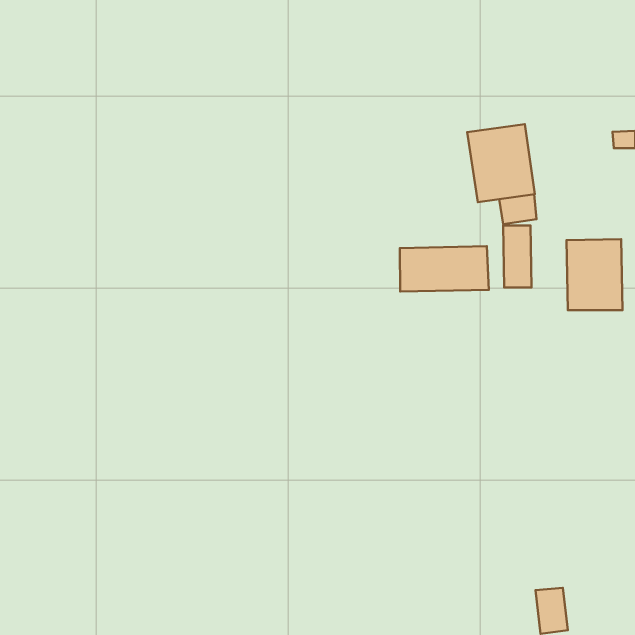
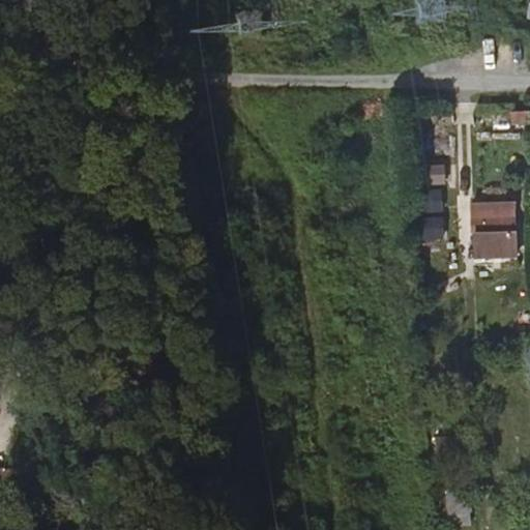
building: [467,124,535,202] -> none
building: [400,246,489,292] -> none

